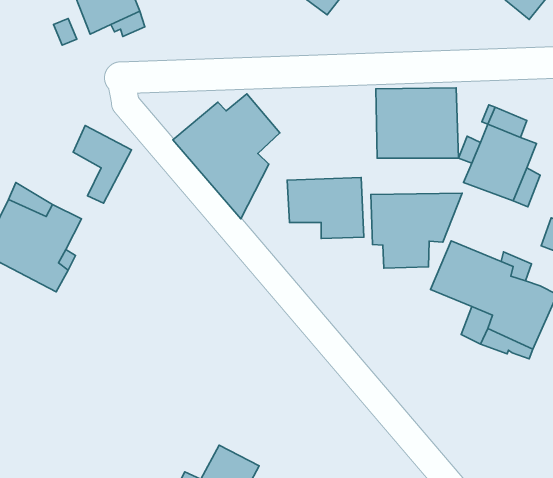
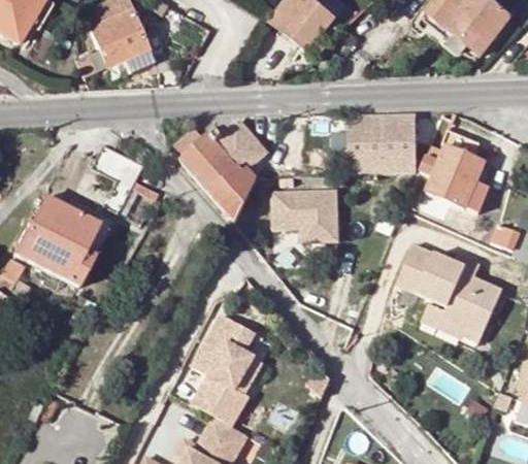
building: [371,193,462,268] -> none
building: none -> [192,313,253,425]

